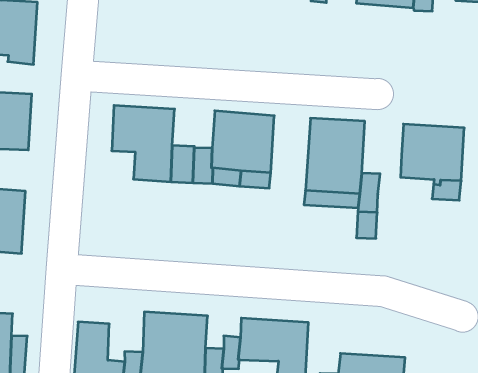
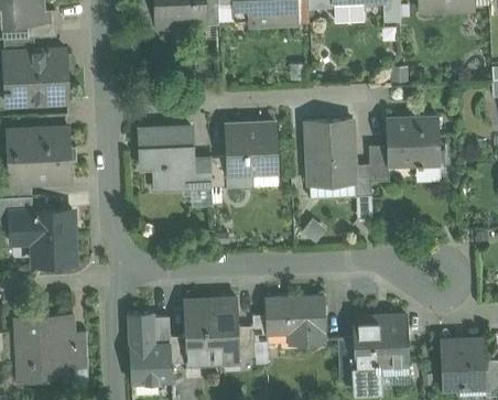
building: none -> [369,145,389,181]

